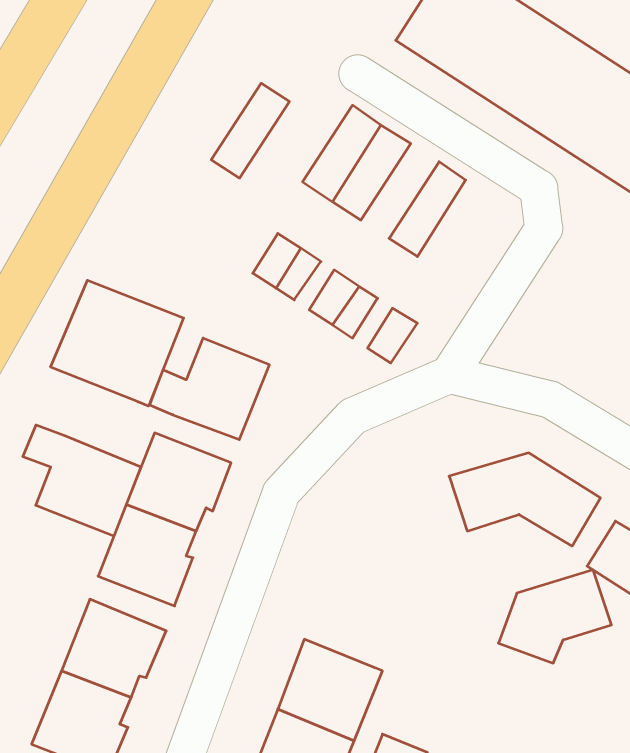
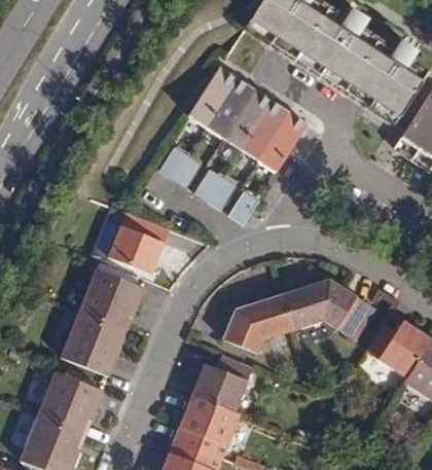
building: [211,83,289,178] -> [225,89,274,148]
building: none -> [260,112,309,171]
building: [51,280,184,406] -> none
building: [23,425,141,536] -> none
building: [498,570,611,663] -> [221,295,291,353]
building: none -> [190,355,252,413]

